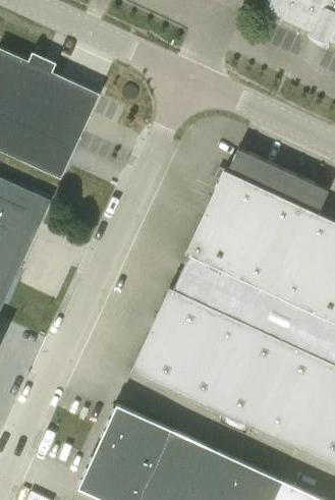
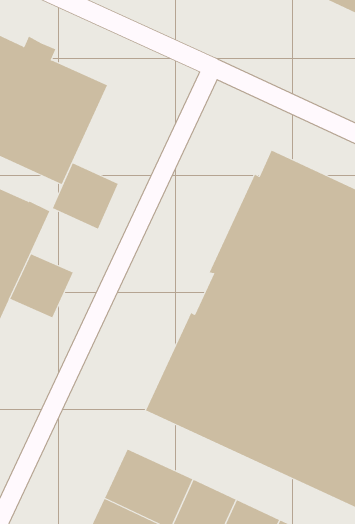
building: none -> [52,162,118,229]
building: none -> [10,253,73,318]

